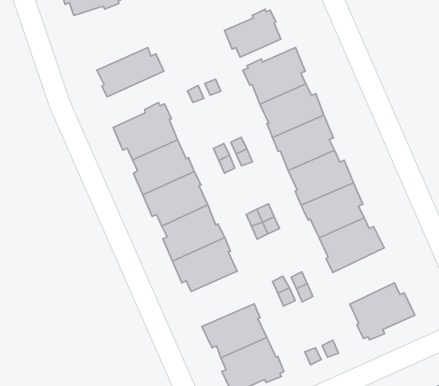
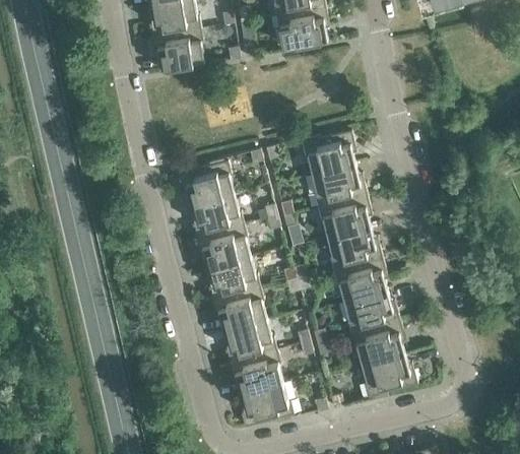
building: [225,9,281,57] -> none
building: [97,47,164,97] -> none
building: none -> [350,318,404,363]
building: none -> [221,317,276,361]

